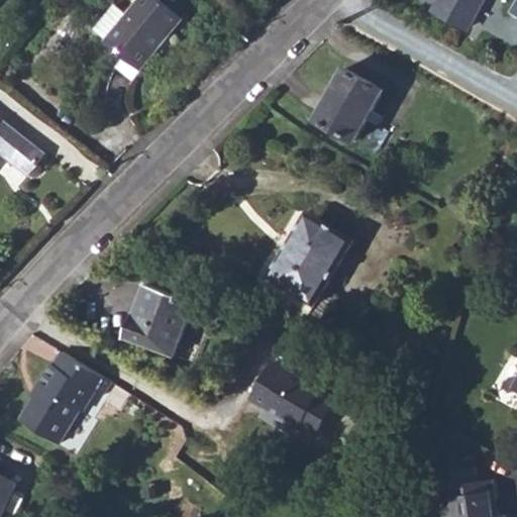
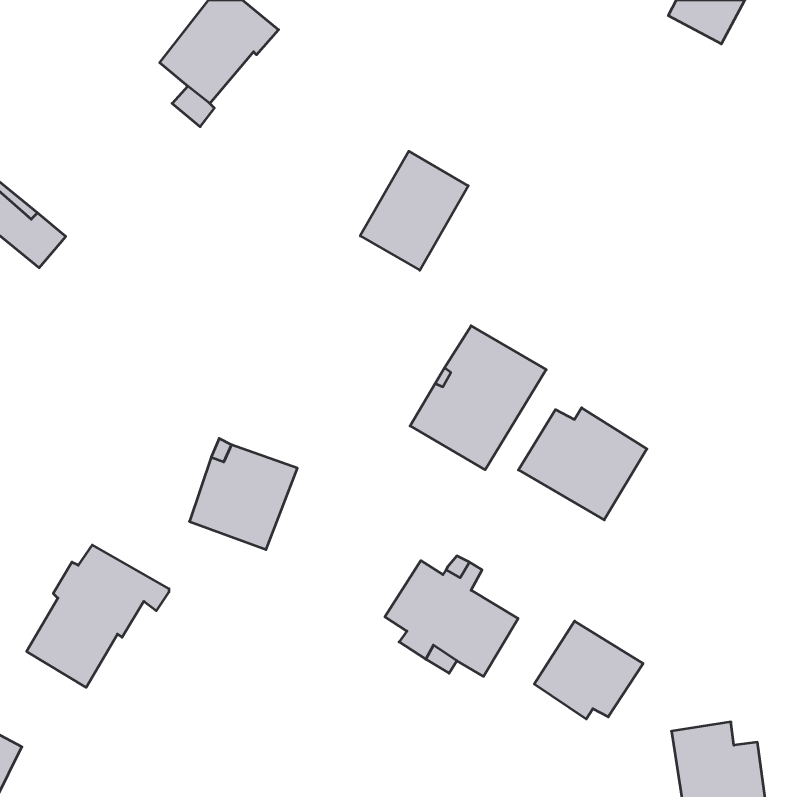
building: [313,68,383,144] -> [360,151,468,270]
building: none -> [518,408,647,520]
building: none -> [534,621,643,719]

